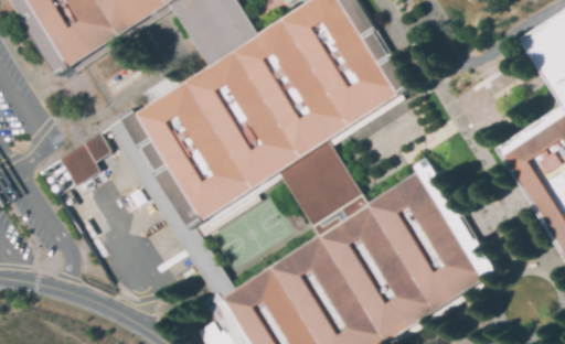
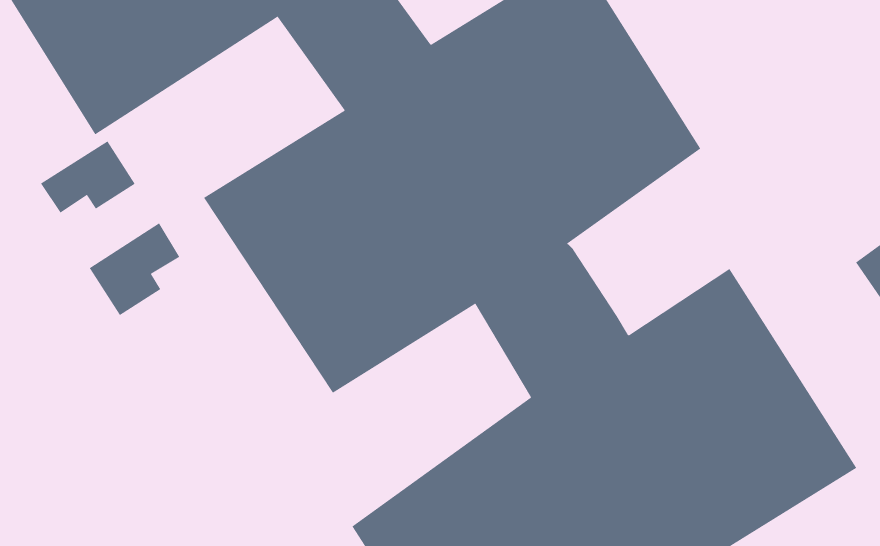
building: none -> [40,140,135,214]

